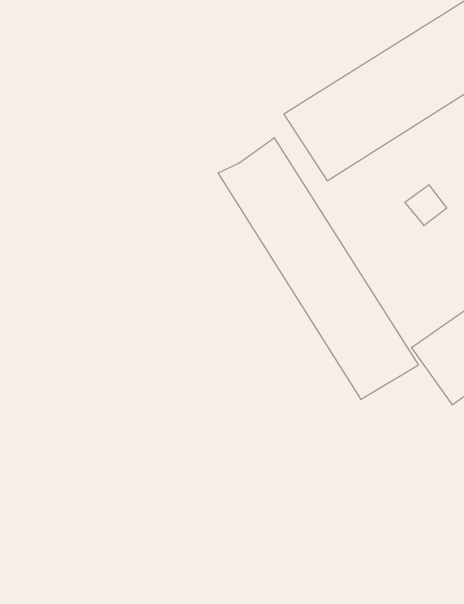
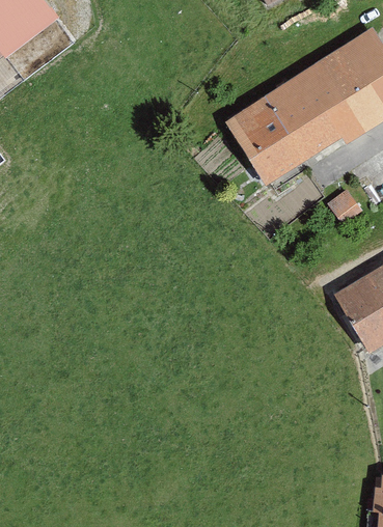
building: [218,138,418,399] -> none

